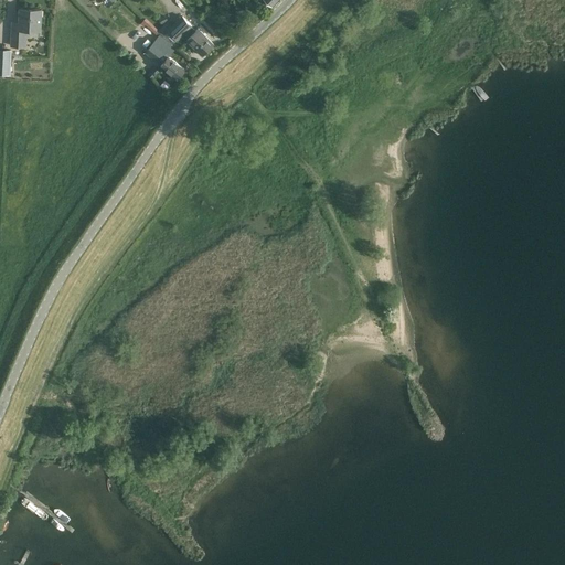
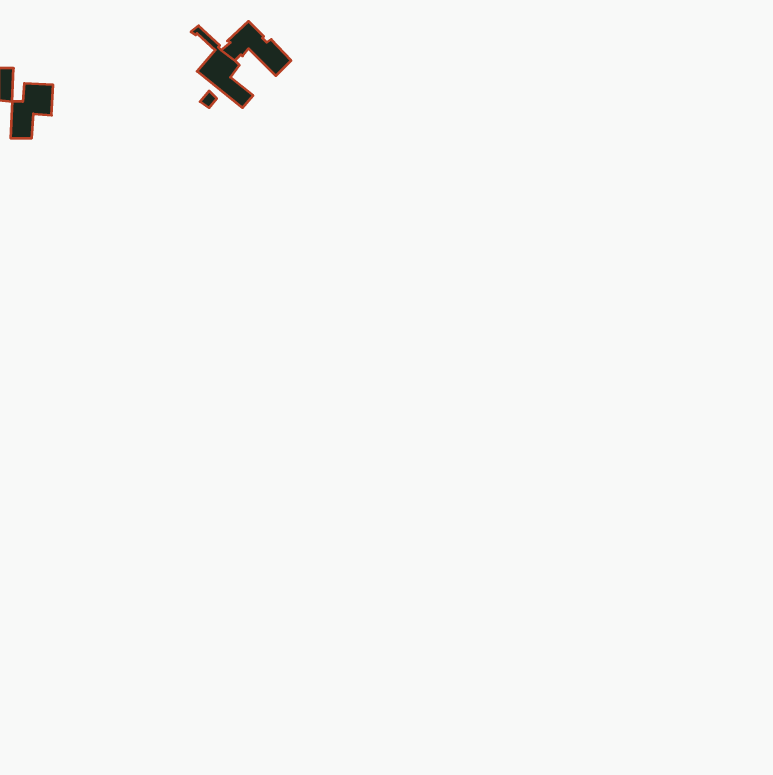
building: [9,8,40,47] -> [11,83,53,138]

